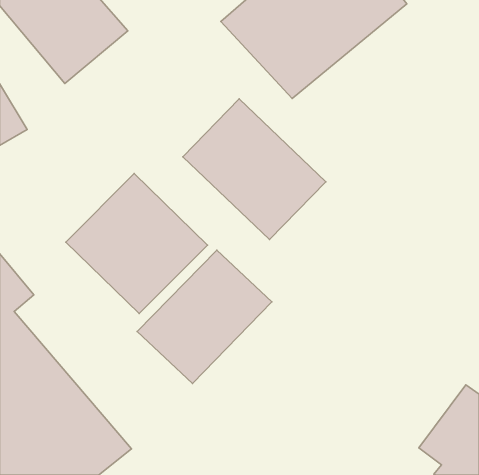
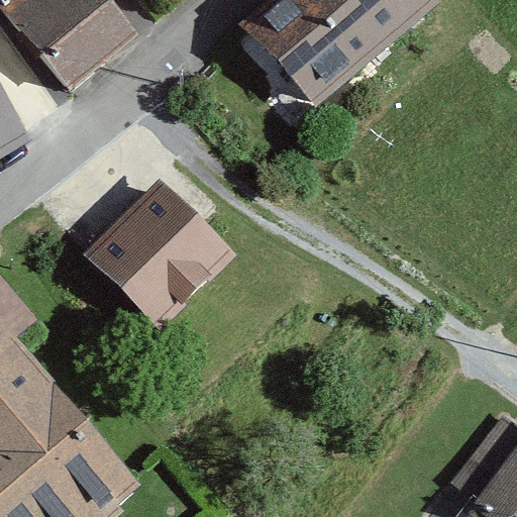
building: [183,99,326,240] -> none
building: [137,250,272,383] -> none

